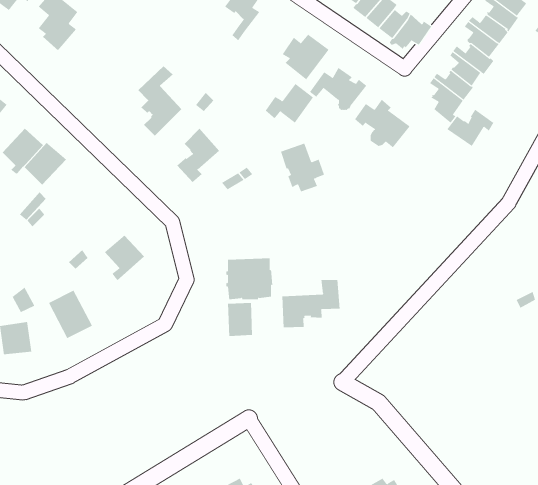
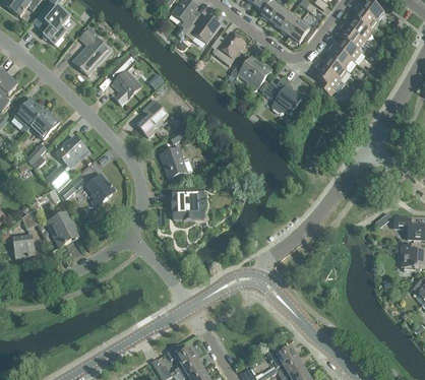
building: none -> [73,27,111,75]
building: [265,83,314,124] -> [185,14,220,43]
building: [447,109,494,147] -> none
building: [280,143,325,192] -> [161,147,192,182]
building: none -> [49,136,88,191]
building: [282,279,340,328] -> none
building: [228,302,253,337] -> none

